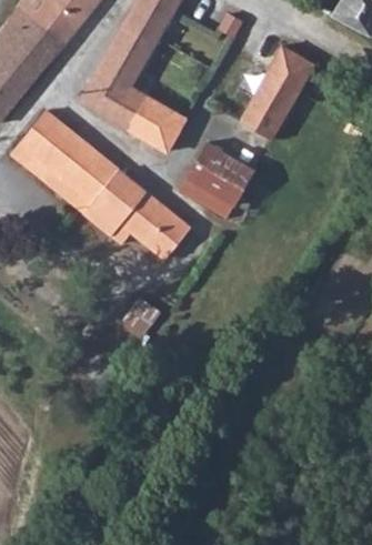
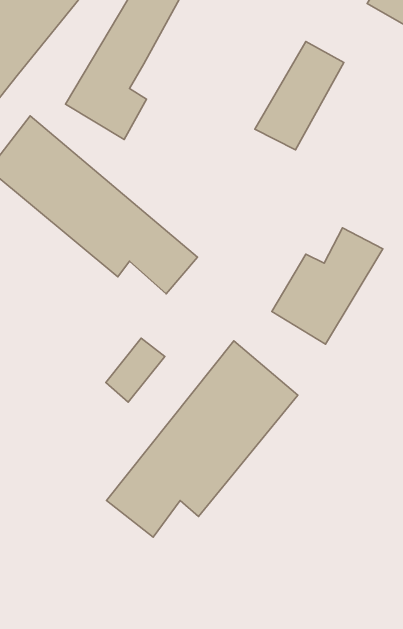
building: [128,94,187,152] -> none
building: [179,120,273,219] -> [272,228,383,344]
building: none -> [106,341,298,537]

